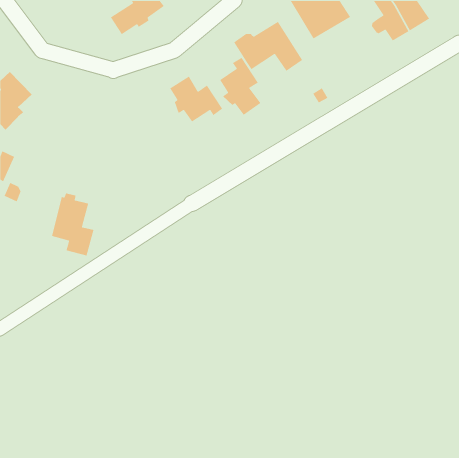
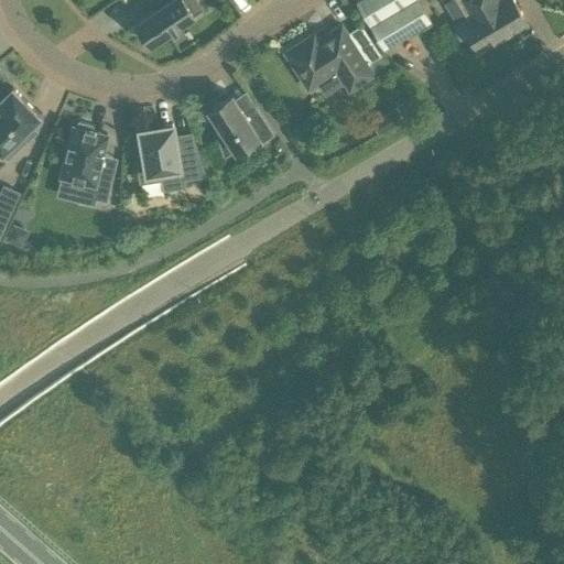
building: [219,57,261,116] -> none
building: none -> [137,126,202,182]
building: [51,192,94,256] -> [61,123,113,202]

